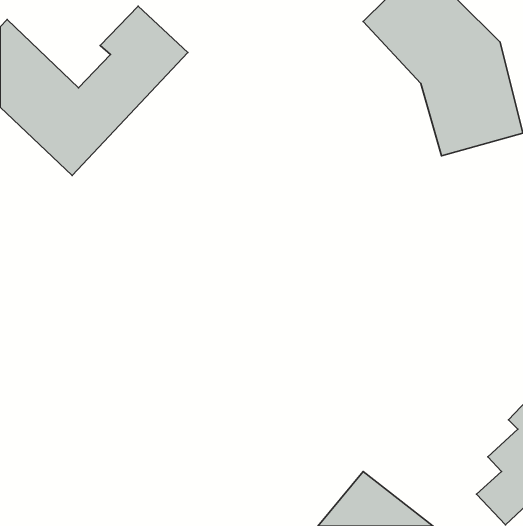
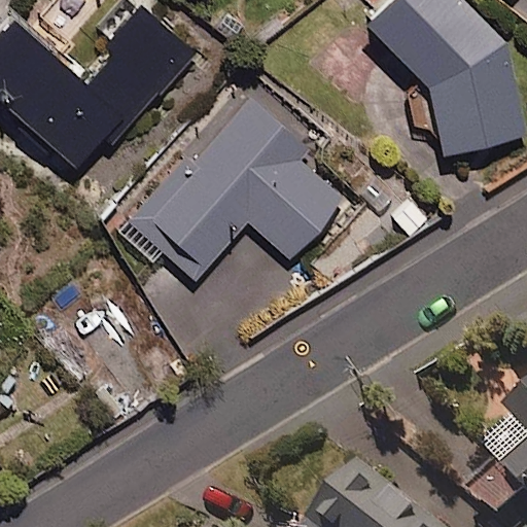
building: none -> [122,97,345,279]

